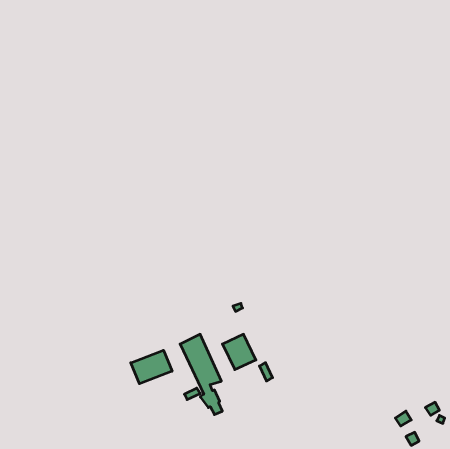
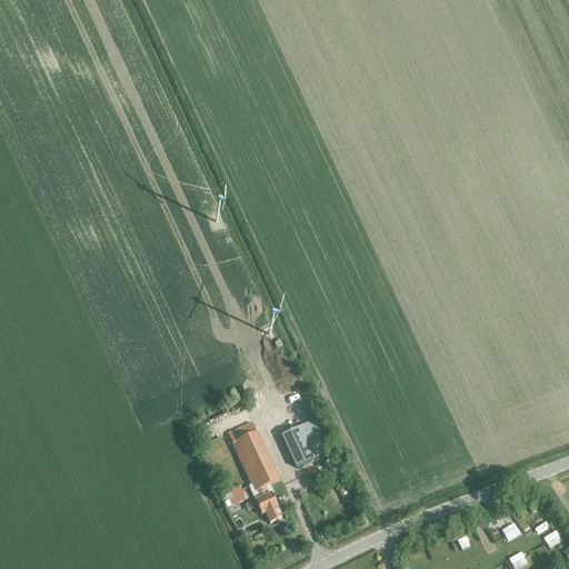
building: [131,350,172,384] -> none

